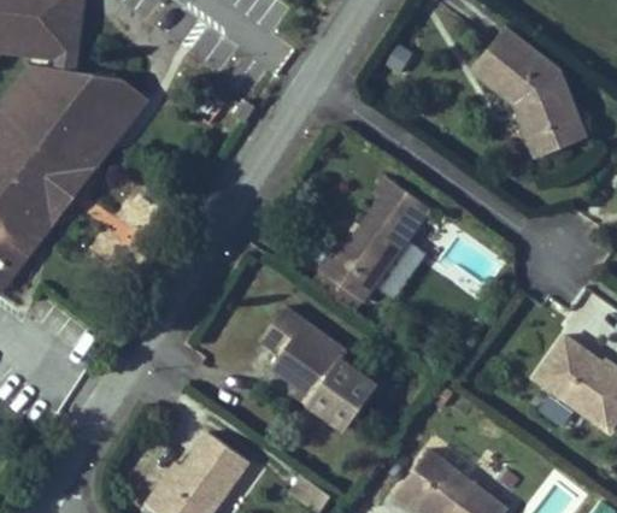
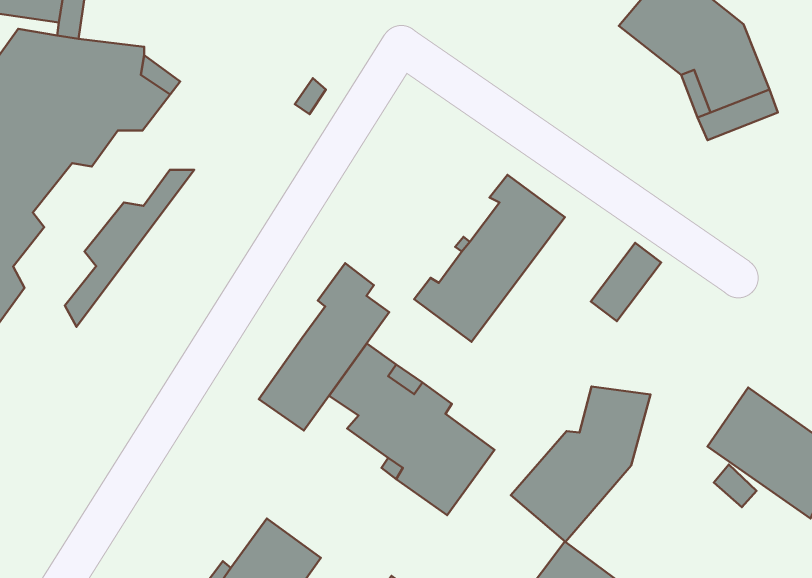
building: [23,147,118,263] -> [65,170,194,327]
building: [375,240,427,297] -> [591,243,661,321]
building: none -> [259,263,389,431]
building: none -> [511,387,650,542]

